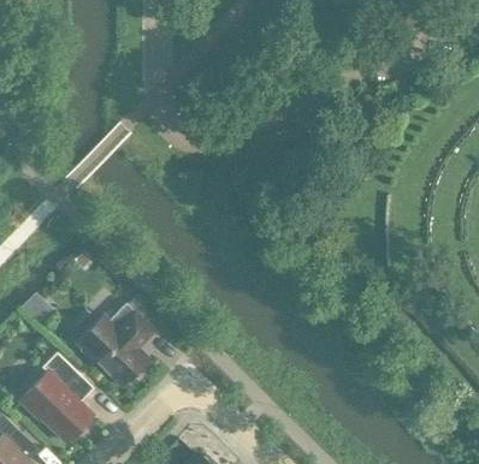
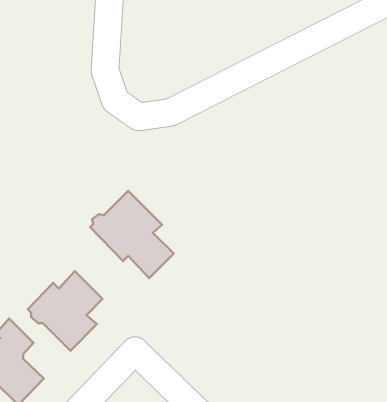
building: none -> [90,191,174,278]

